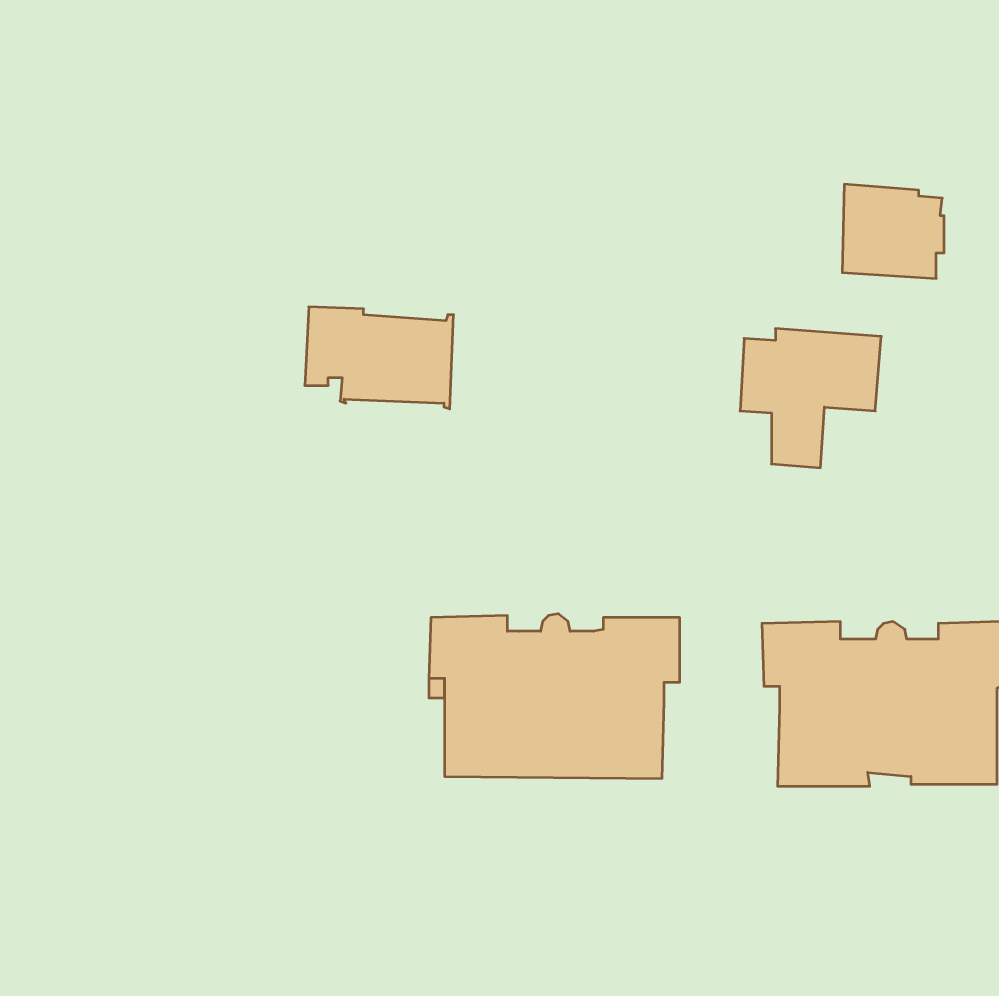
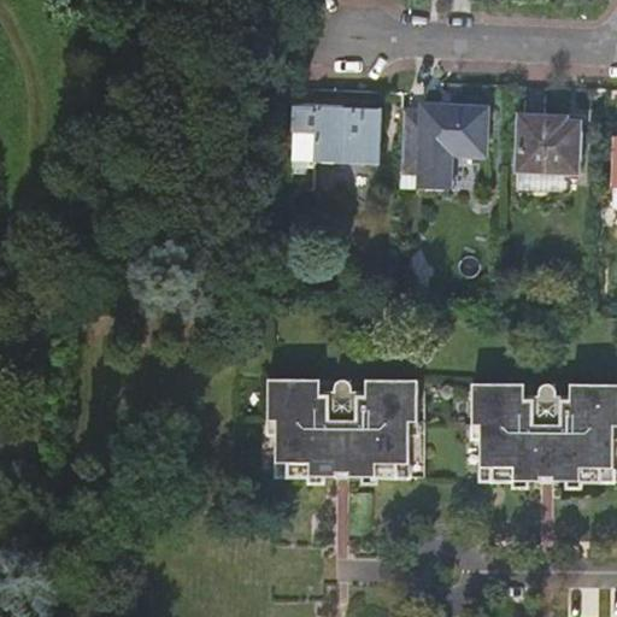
building: [305,307,454,409] -> [293,102,384,165]
building: [740,329,881,468] -> [401,102,488,188]

